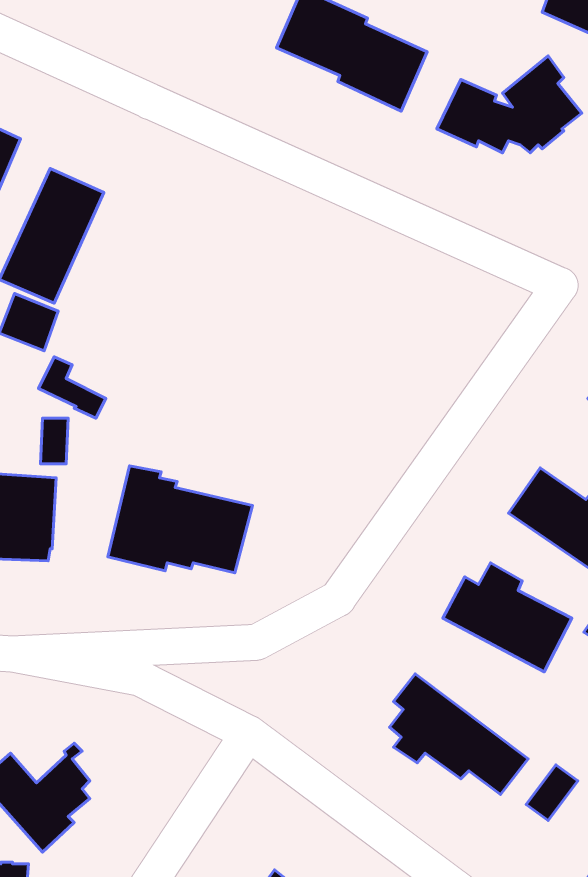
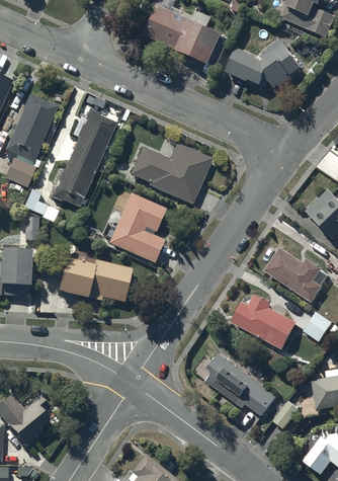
building: none -> [52,107,116,205]
building: none -> [130,144,213,205]
building: none -> [105,194,167,262]

